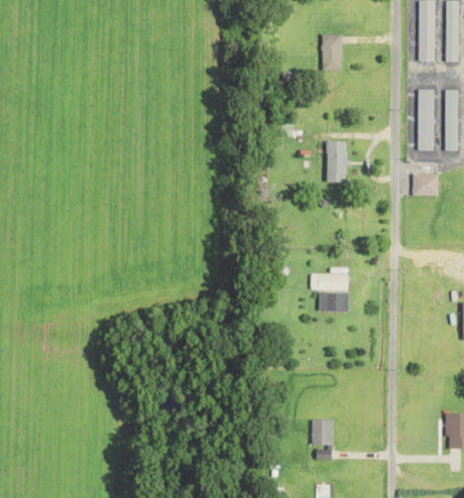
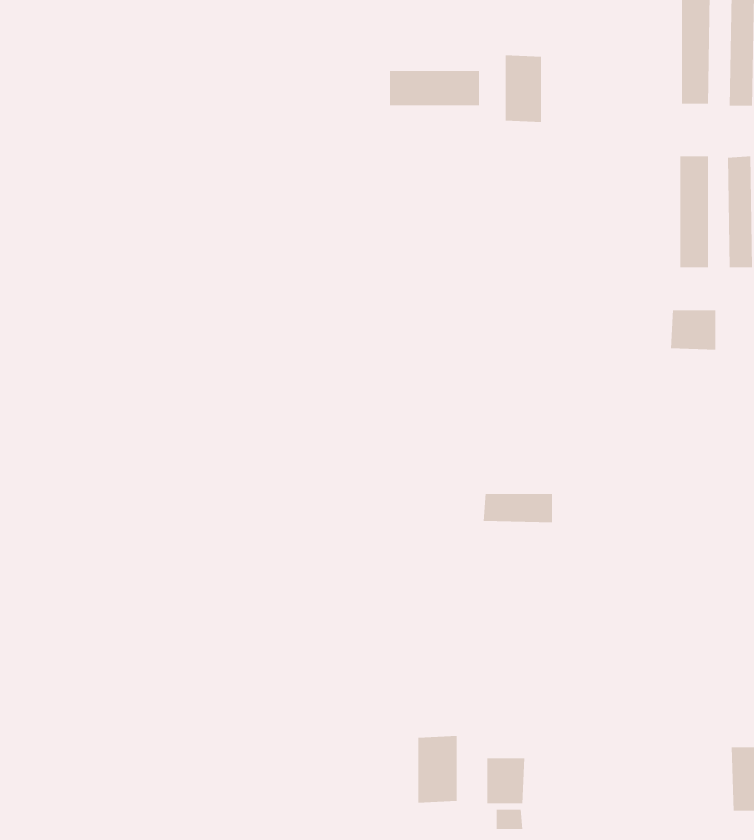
building: none -> [389,70,480,106]
building: [327,140,348,181] -> none
building: [319,292,349,312] -> none
building: none -> [418,735,457,803]

